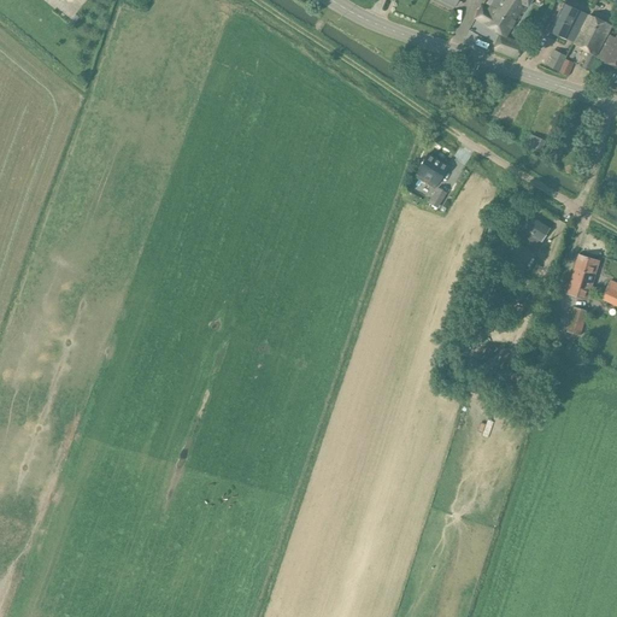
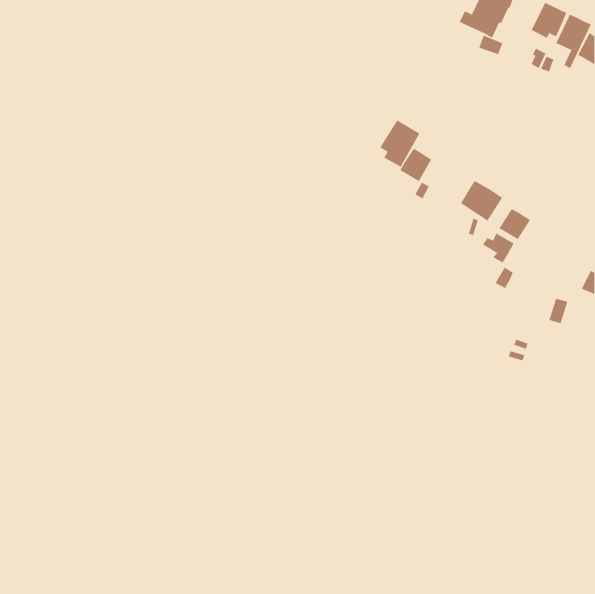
building: none -> [379,120,420,167]
building: none -> [460,180,503,222]
building: [568,254,599,299] -> none

